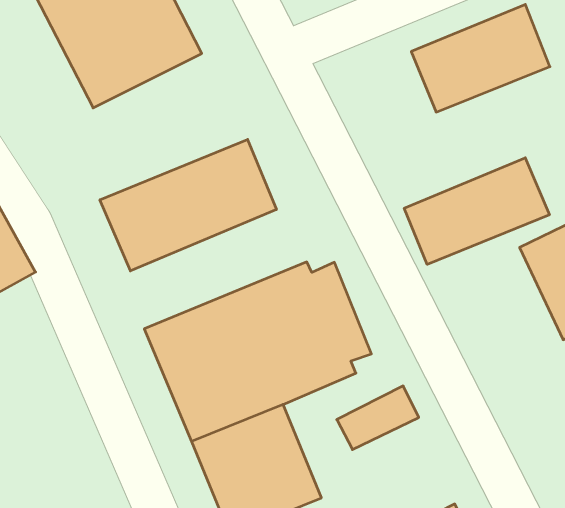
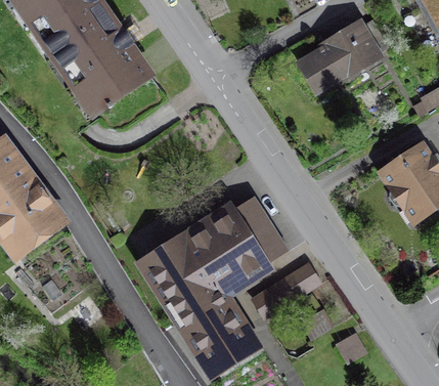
building: [100,139,276,271] -> none
building: [404,158,549,264] -> none

